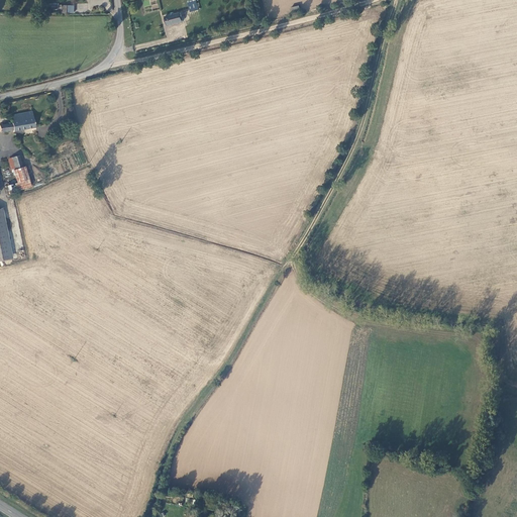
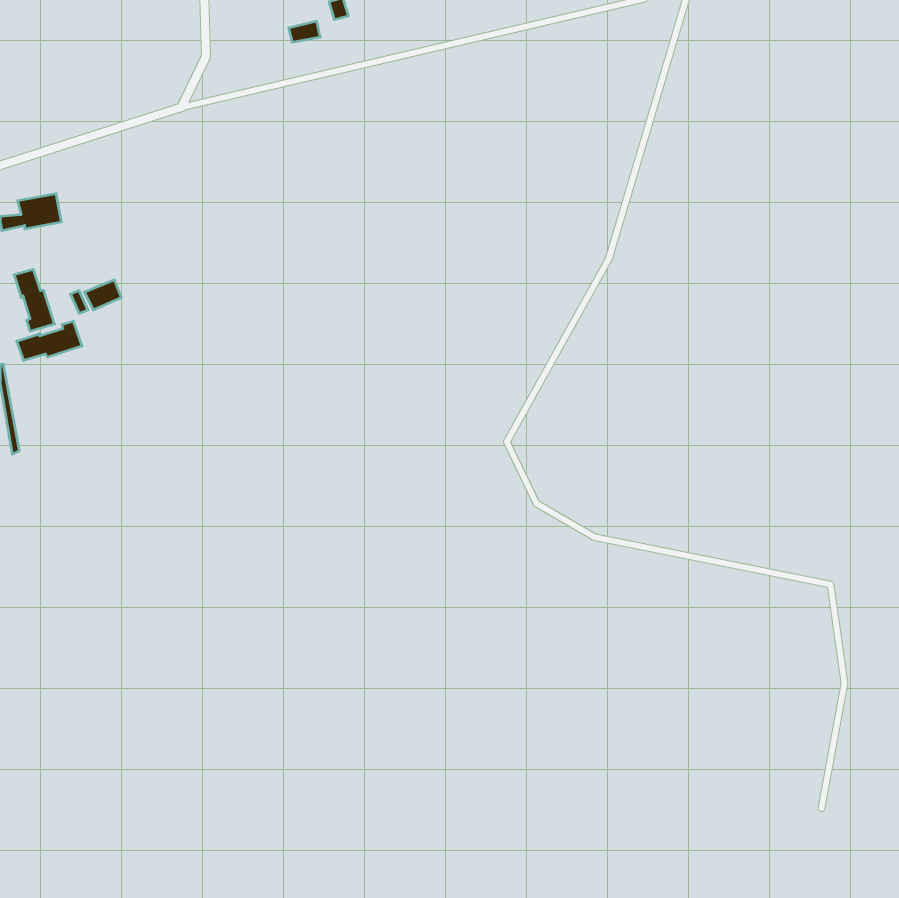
building: none -> [17,321,82,361]

